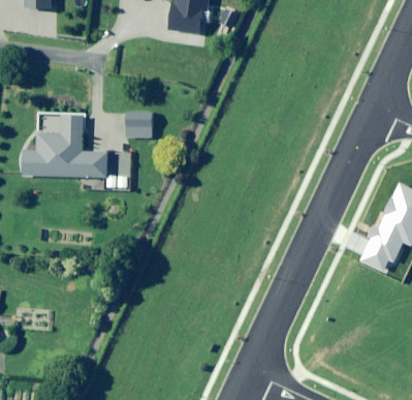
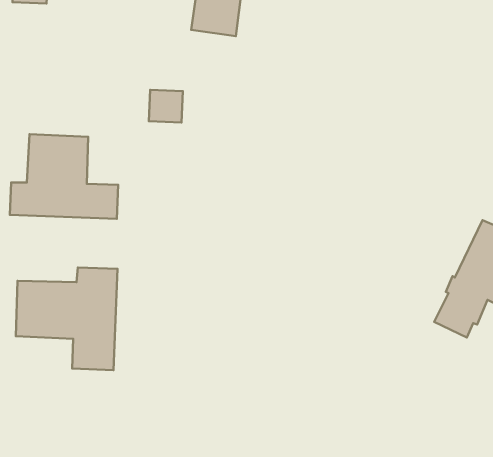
building: [124,112,151,137] -> [149,90,183,122]
building: none -> [16,268,117,370]

